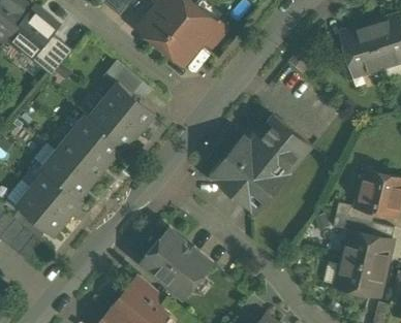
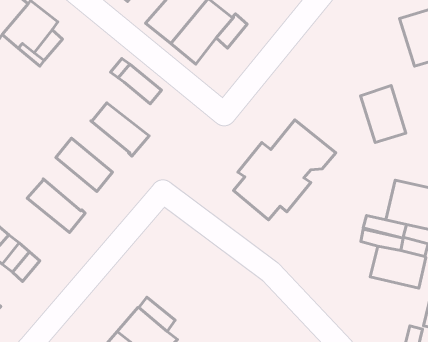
building: [340,24,381,75] -> [360,85,406,142]
building: [102,82,155,130] -> none
building: [70,114,123,163] -> none
building: [41,150,93,198] -> none
building: [16,187,68,236] -> none
building: [140,228,212,298] -> none
building: [335,258,385,296] -> none

